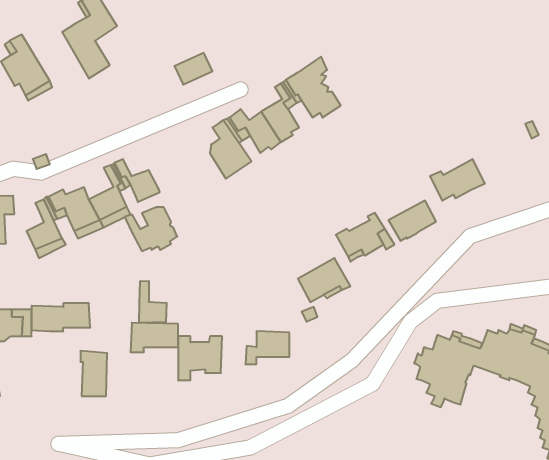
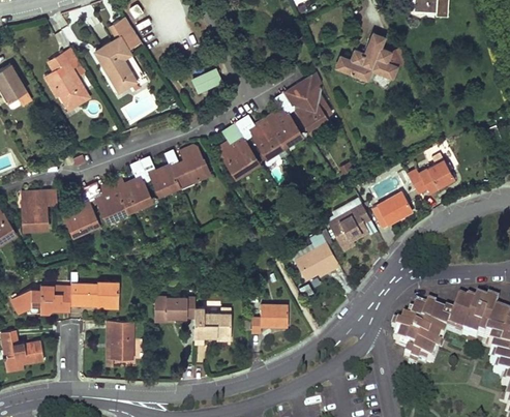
building: none -> [336,33,397,79]
building: [125,207,177,251] -> [163,146,208,183]
building: [139,281,167,323] -> none

